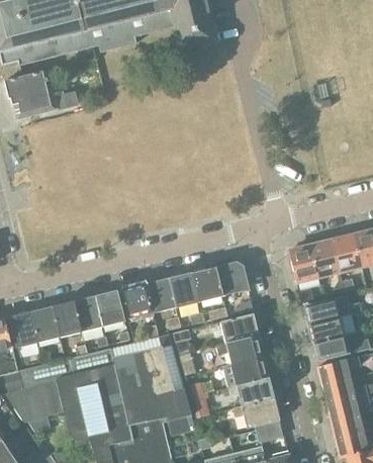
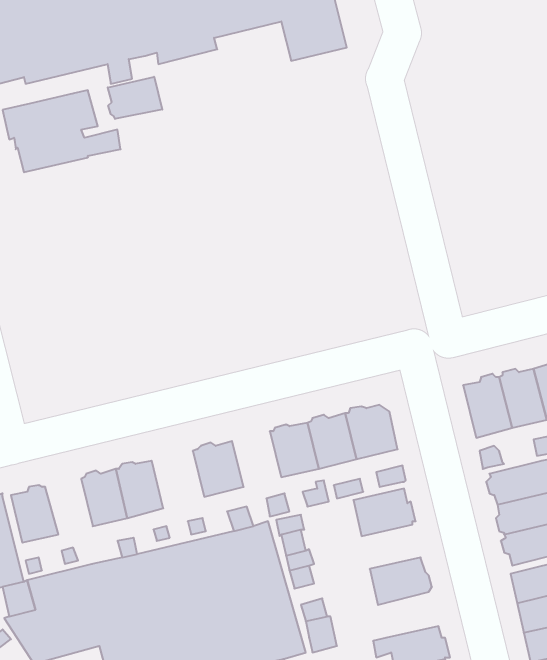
building: none -> [108,77,162,119]
building: [147,278,177,312] -> none
building: [97,291,126,326] -> none
building: [31,306,61,342] -> none
building: [217,336,265,363] -> none
building: [237,377,275,405] -> none

